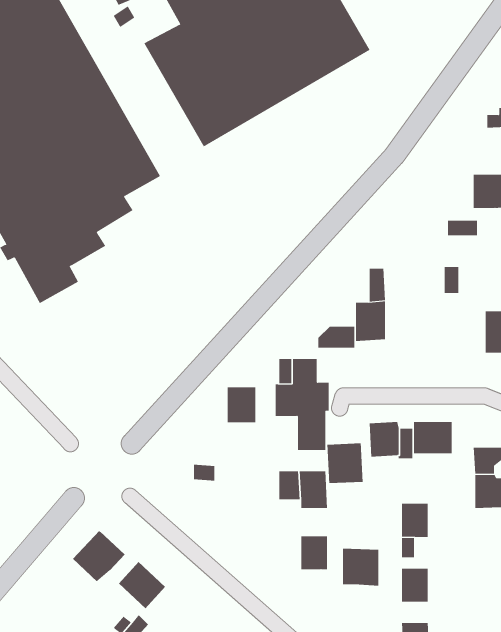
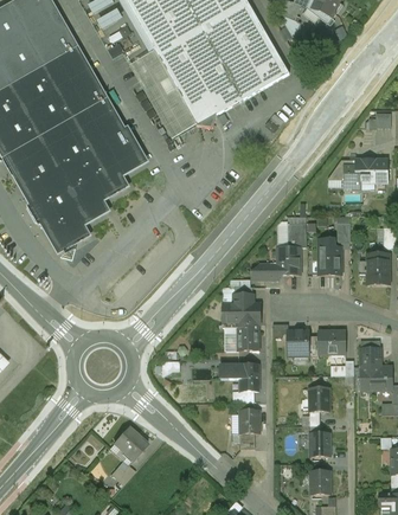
building: none -> [328,160,361,188]
building: none -> [319,246,341,273]
building: [227,386,256,423] -> none
building: [327,443,363,484] -> none
building: [72,530,125,582] -> none
building: [342,548,379,587] -> none

